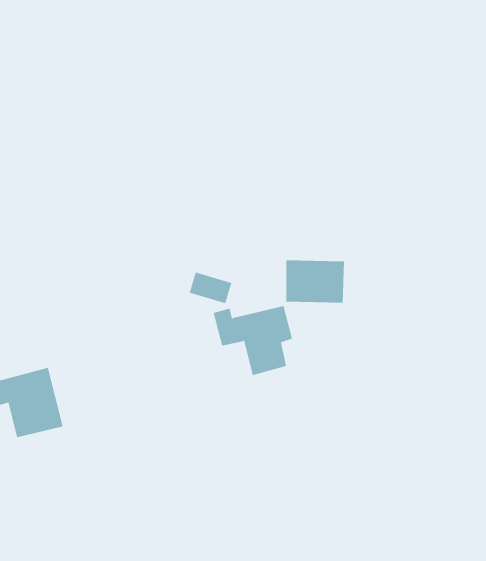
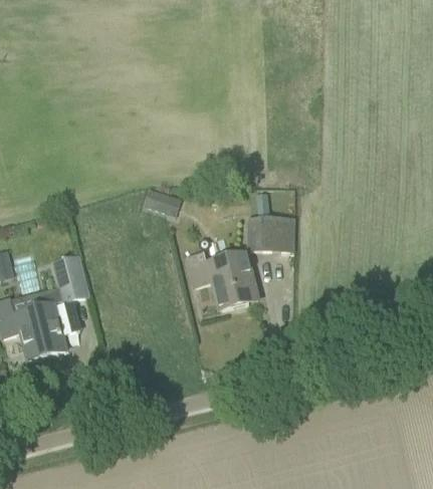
building: [189,272,232,304] -> [145,187,180,213]
building: none -> [54,256,87,301]

